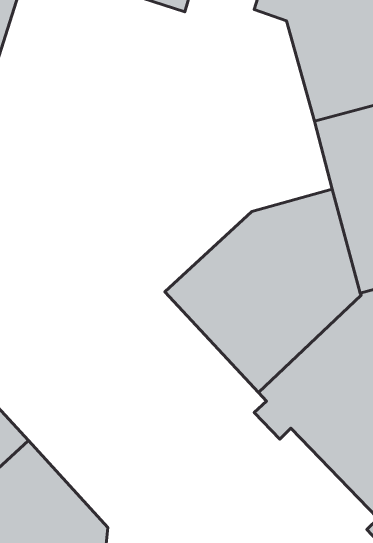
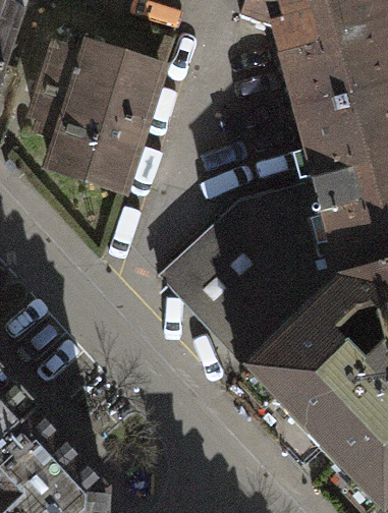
building: none -> [34,44,162,189]

